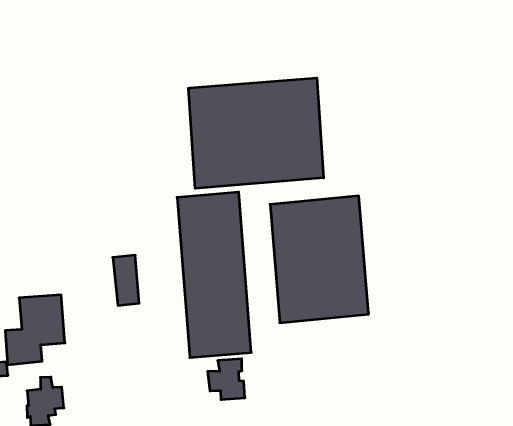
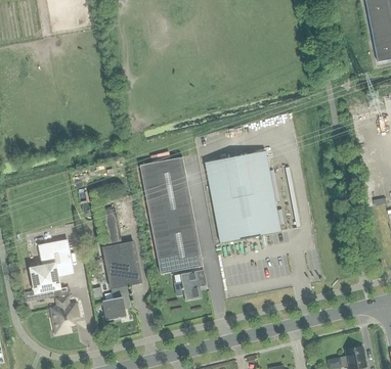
building: [188,78,324,188] -> none
building: none -> [103,241,141,320]

